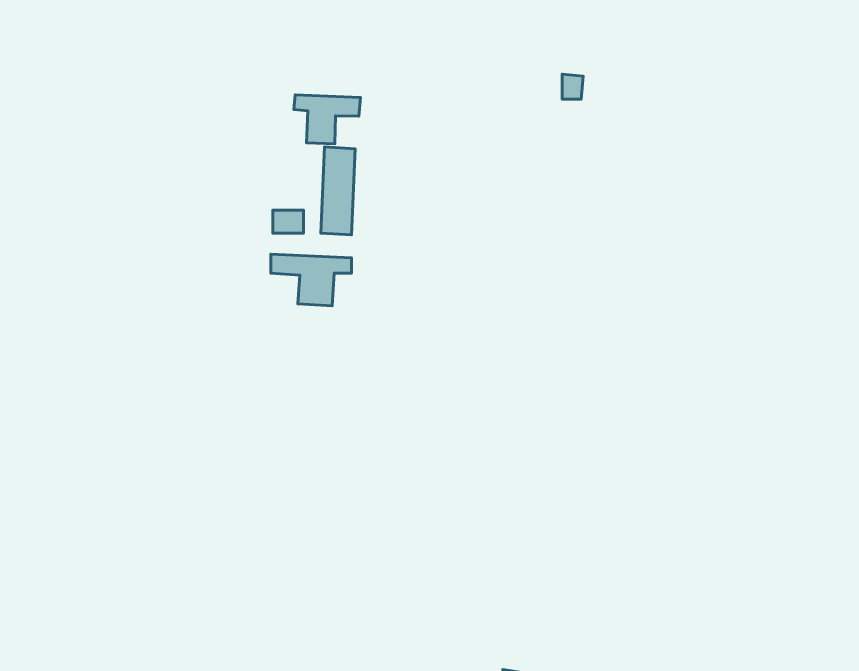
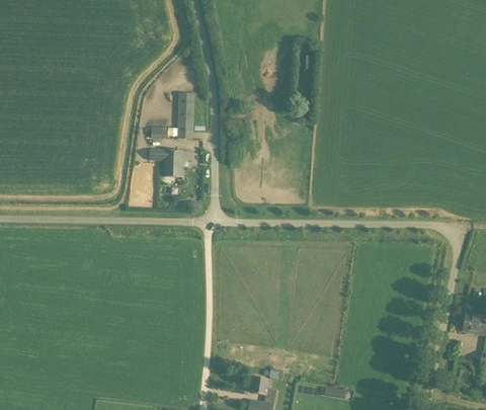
building: [294,95,361,144] -> none

